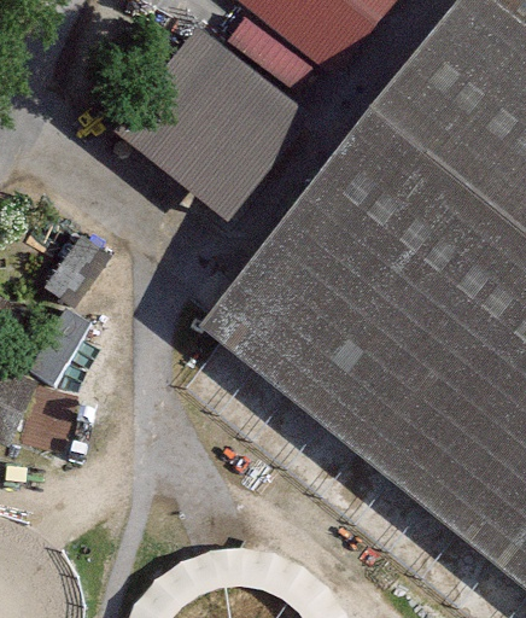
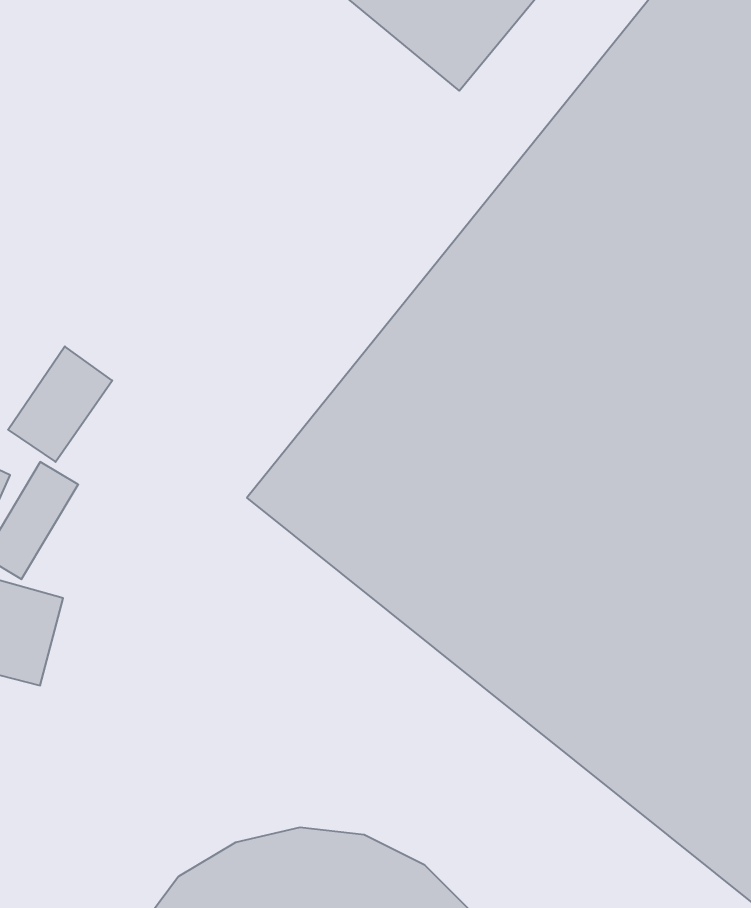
building: [116,28,314,223] -> none

